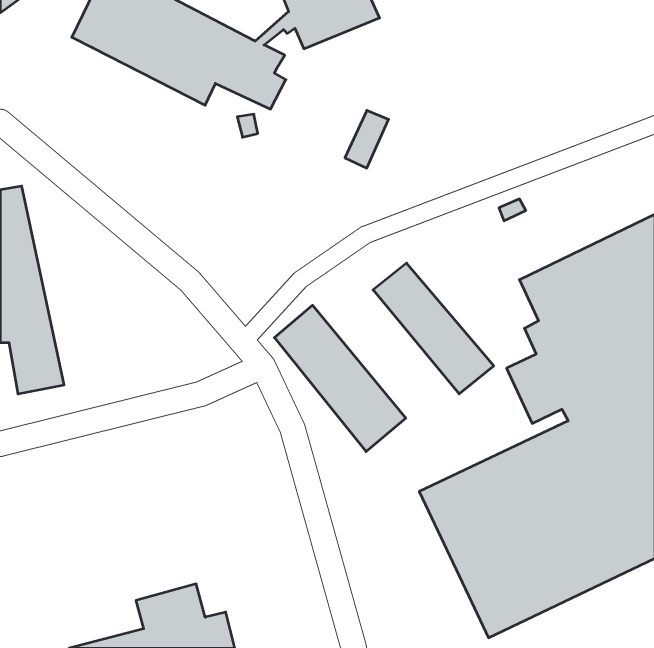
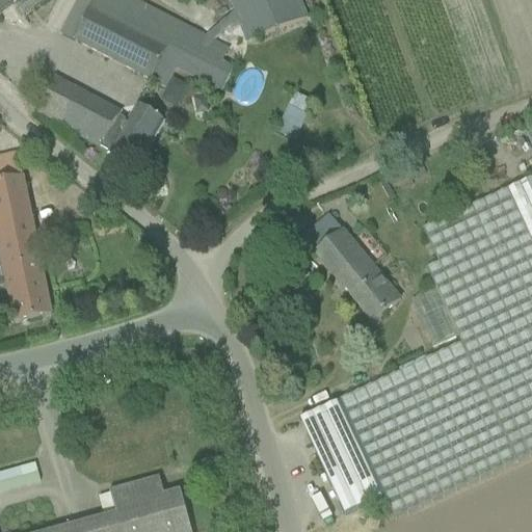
building: none -> [39,75,165,167]
building: [274,305,406,452] -> none
building: none -> [300,398,385,512]

